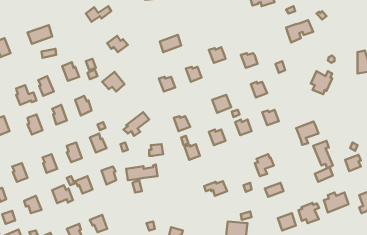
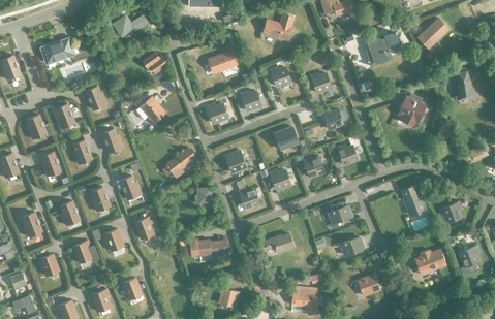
building: none -> [264,14,293,39]
building: none -> [422,19,446,50]
building: [296,122,318,145] -> none
building: [126,165,157,180] -> [188,237,227,257]
building: [298,203,319,223] -> none

